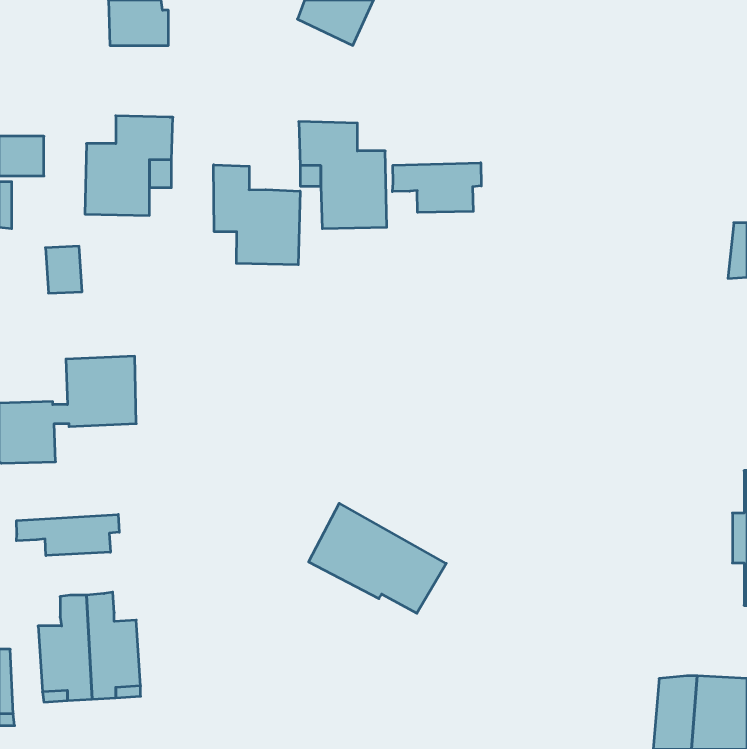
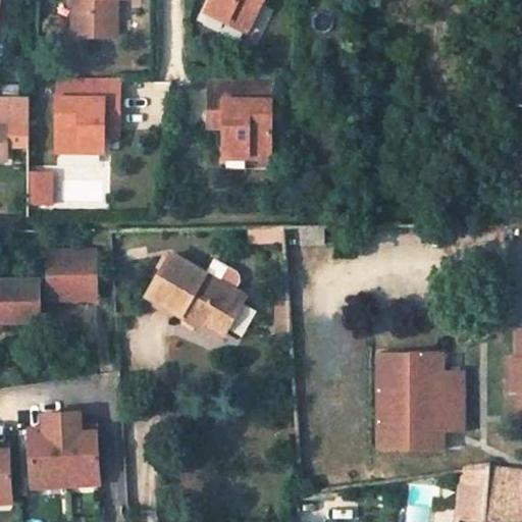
building: [392,163,481,212] -> none
building: [214,165,300,265] -> none
building: [309,503,446,613] -> [149,256,245,332]
building: none -> [377,353,464,451]
building: [16,514,119,556] -> none

